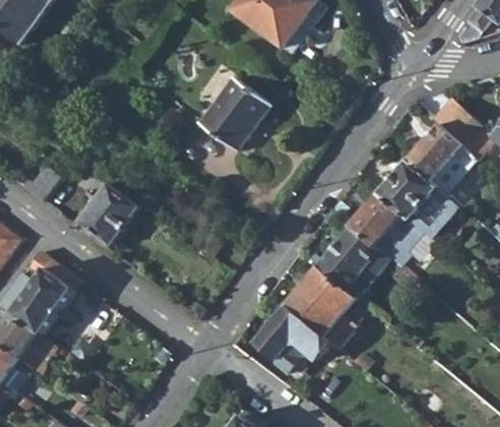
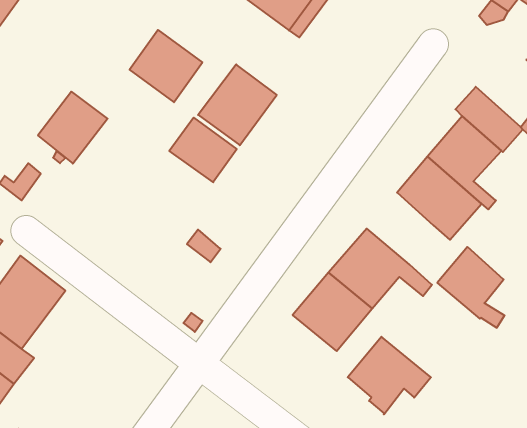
building: none -> [130,30,202,102]
building: none -> [169,118,237,182]
building: [77,182,140,247] -> [38,92,108,164]
building: [352,194,413,267] -> [437,247,505,328]
building: [254,305,329,375] -> [348,337,431,414]

